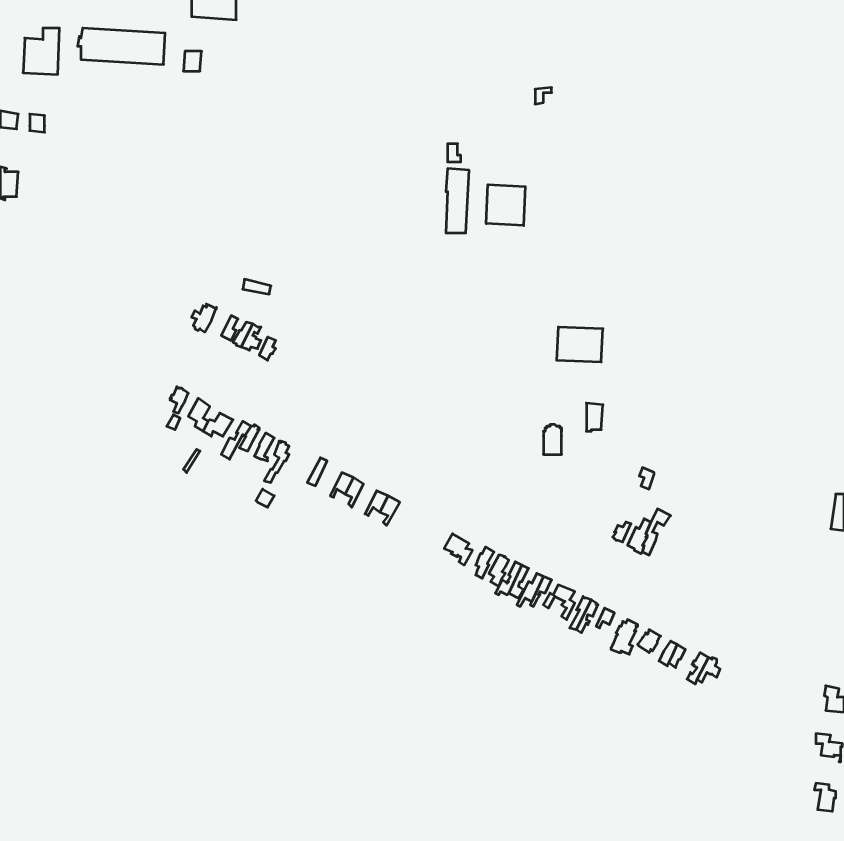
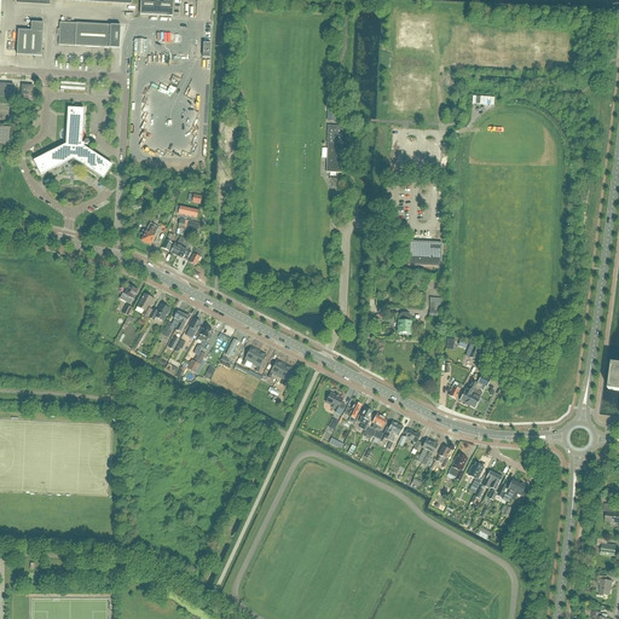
building: none -> [34,106,112,177]
building: [486,185,525,226] -> none

